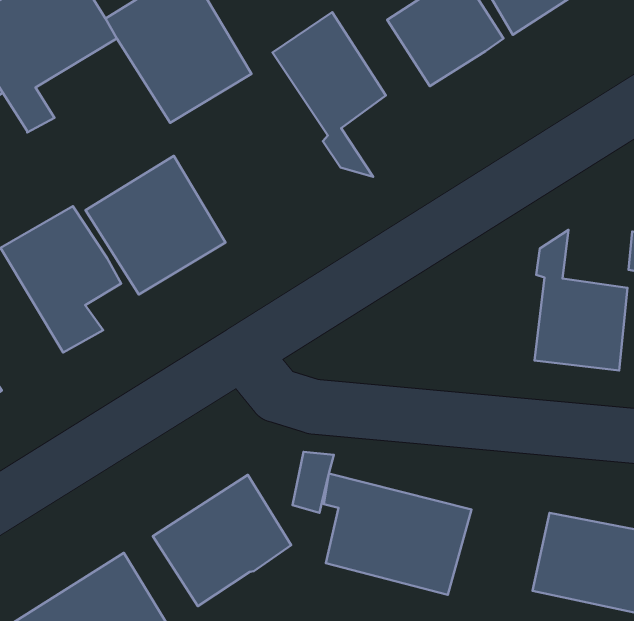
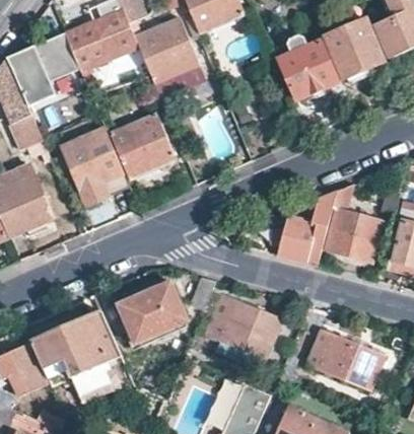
building: [273,12,386,177] -> none
building: none -> [266,192,338,264]

